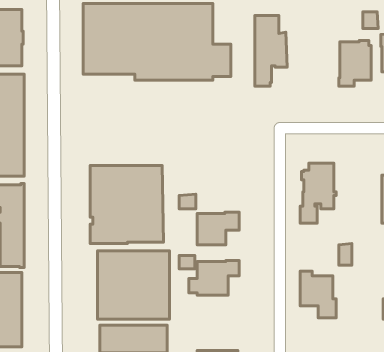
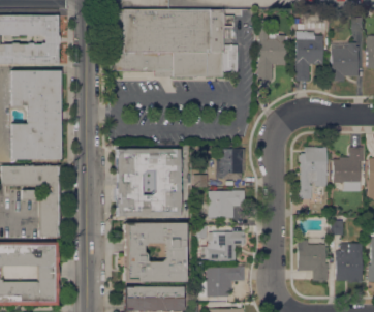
building: none -> [295,32,323,81]
building: none -> [333,147,362,182]
building: none -> [217,149,245,180]
building: none -> [336,244,362,282]
building: none -> [199,267,244,297]

